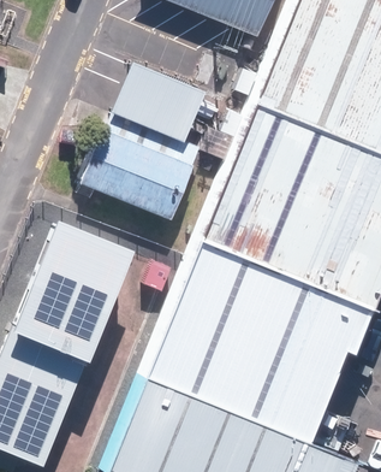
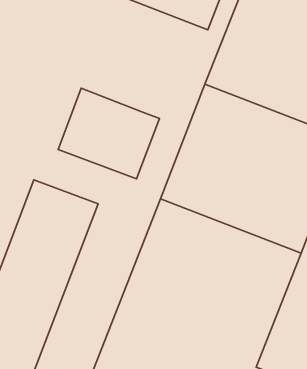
building: [108,59,202,137] -> none

